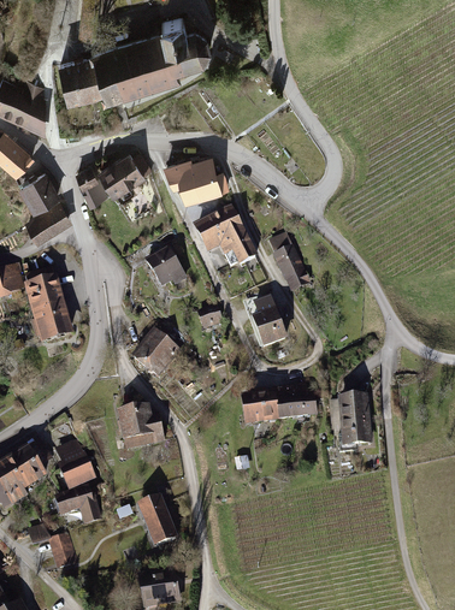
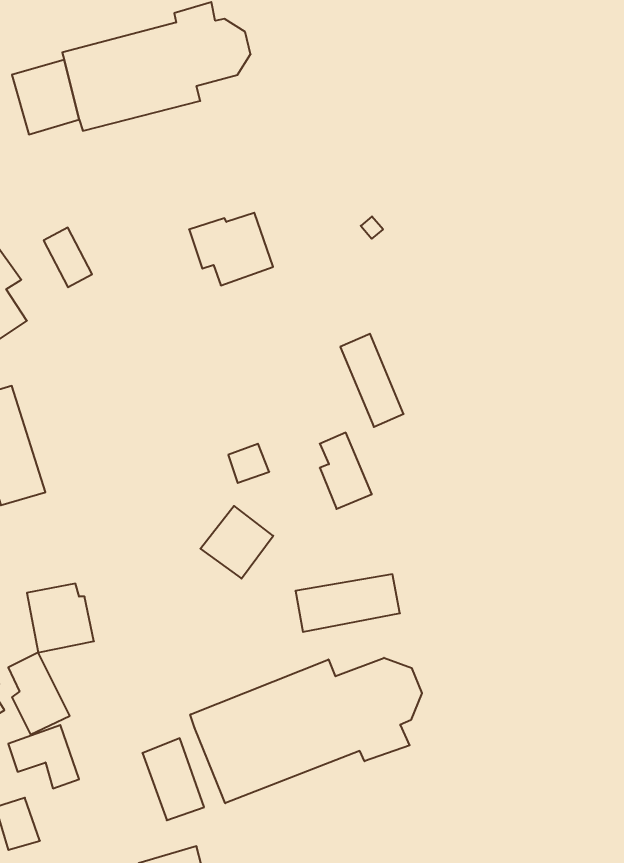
building: [101,148,149,195] -> none
building: [194,206,258,265] -> none
building: [147,247,184,286] -> none
building: [130,328,177,375] -> [200,506,273,579]
building: [336,397,367,445] -> none
building: [120,404,164,449] -> [27,584,94,652]
building: none -> [190,658,422,803]

